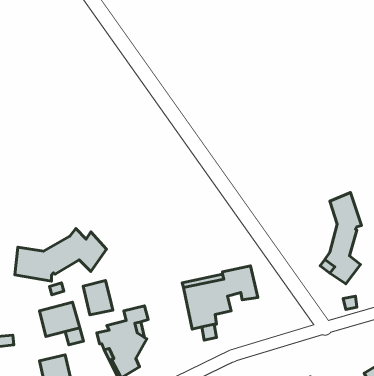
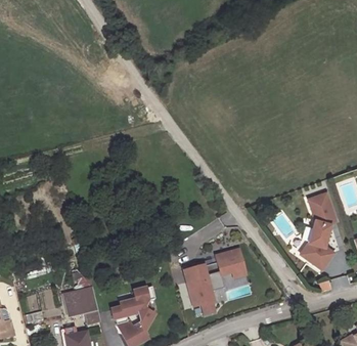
building: [15,229,106,281] -> none
building: [83,280,113,315] -> none

